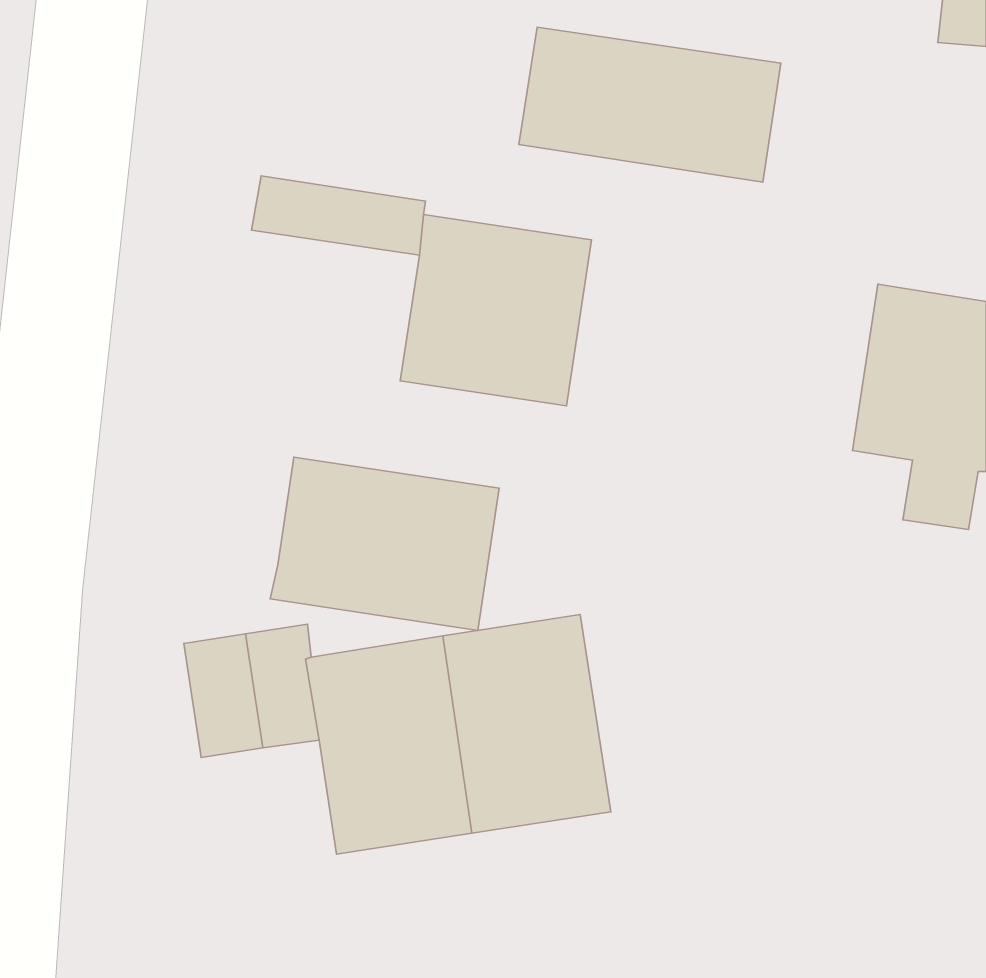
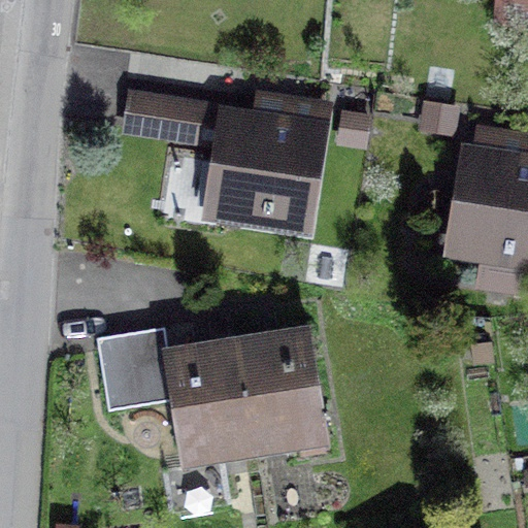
building: [519,27,781,182] -> none
building: [270,457,499,630] -> none

